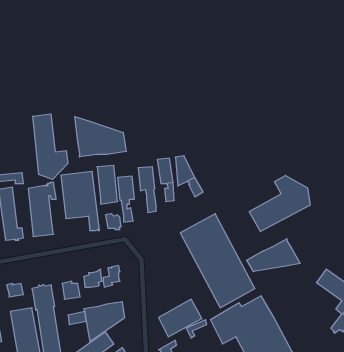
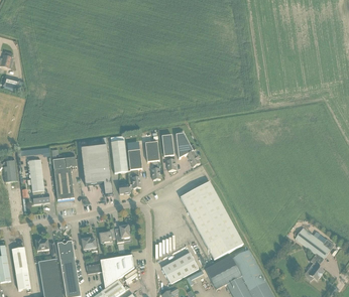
building: [33,114,68,179] -> none
building: [75,117,126,157] -> none
building: [249,175,310,232] -> none
building: [247,239,300,272] -> none

